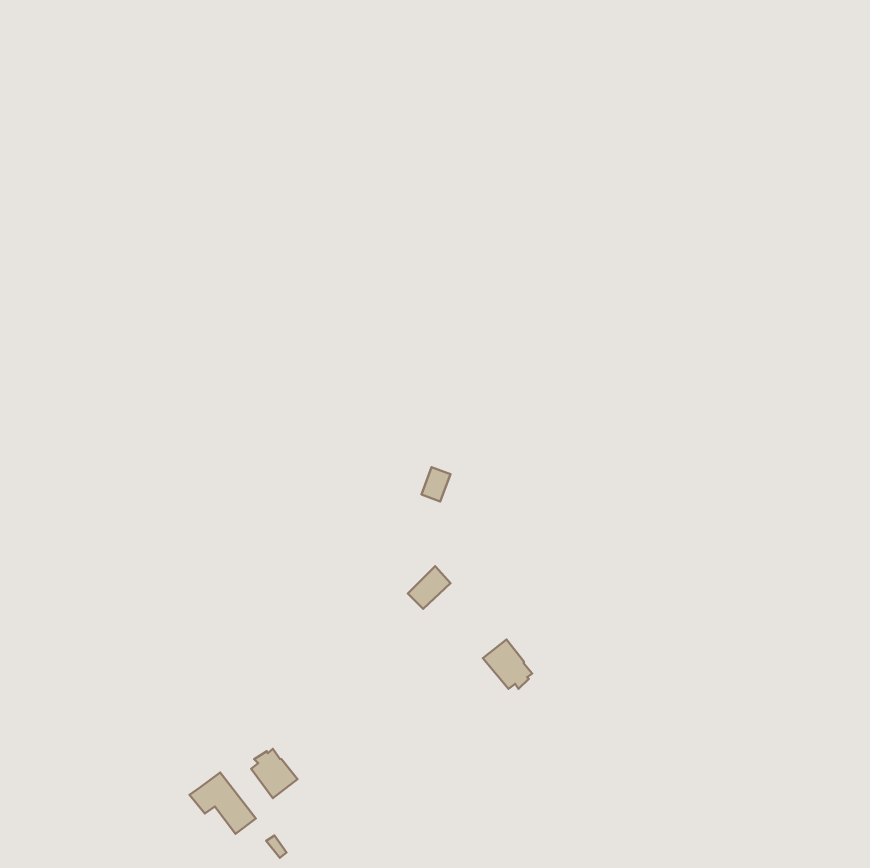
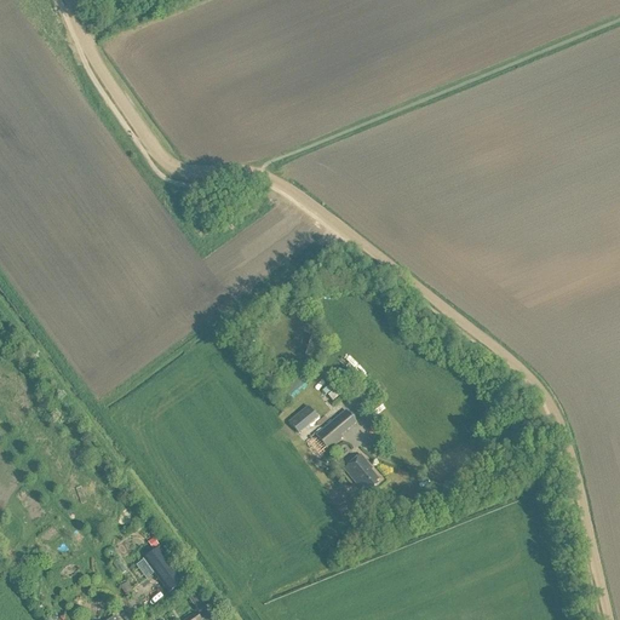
building: none -> [315,408,356,448]
building: [251,749,297,798] -> none

